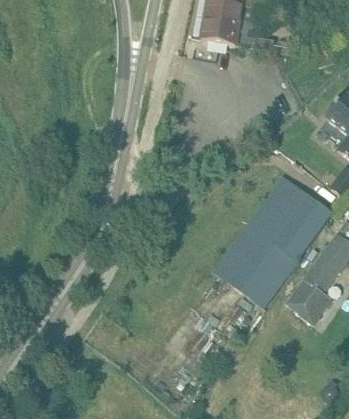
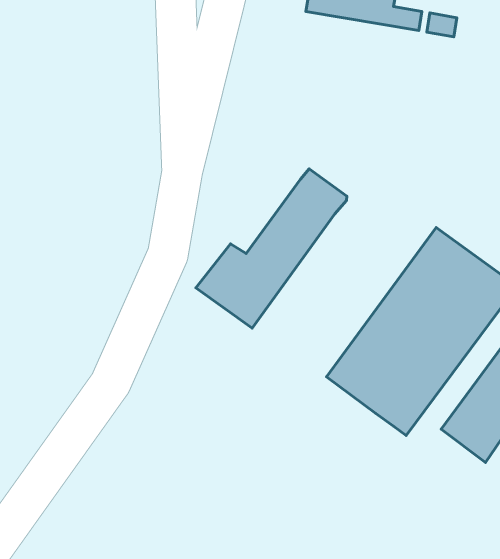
building: none -> [196,169,347,328]

